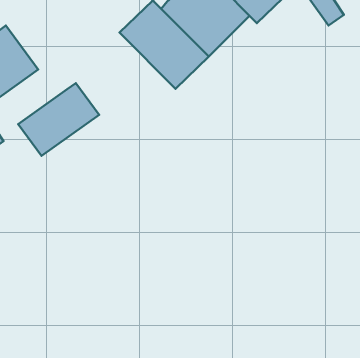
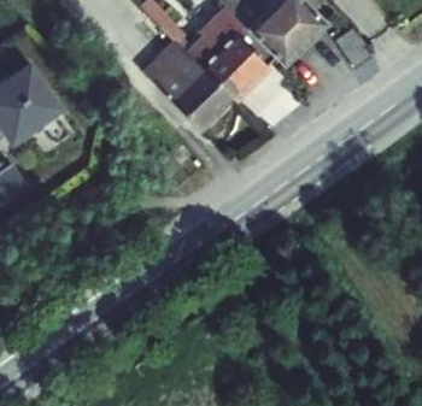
building: [18,83,99,156] -> none

